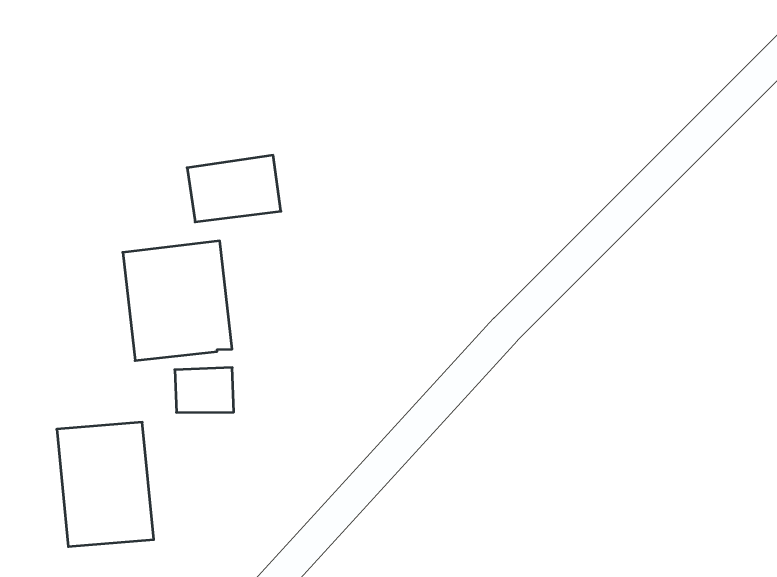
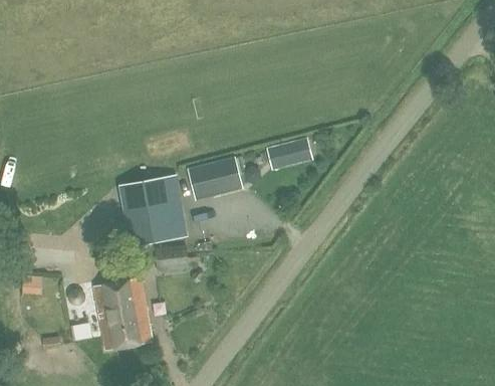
building: [187,155,281,222] -> [189,159,242,199]
building: none -> [264,136,310,166]

